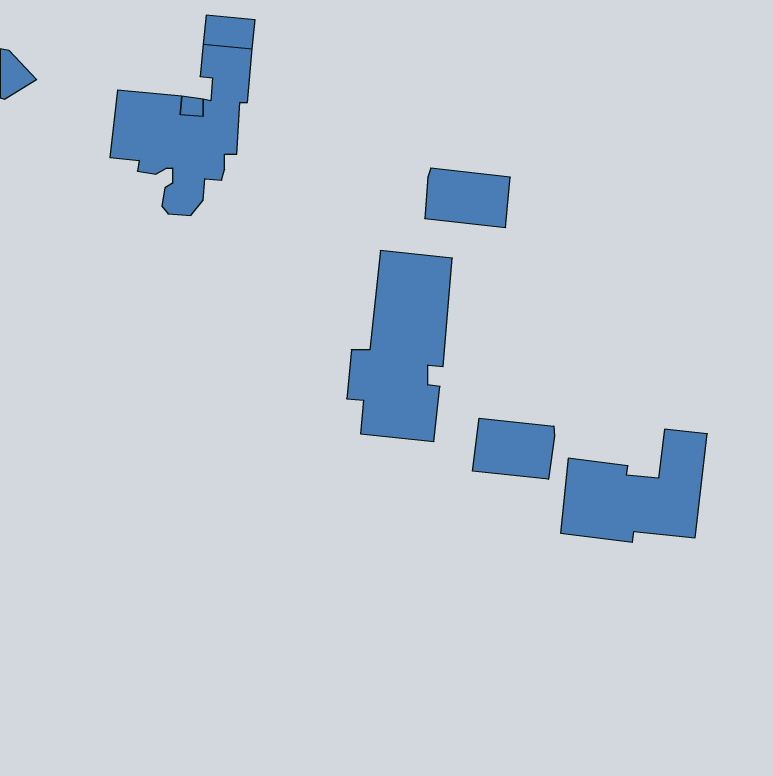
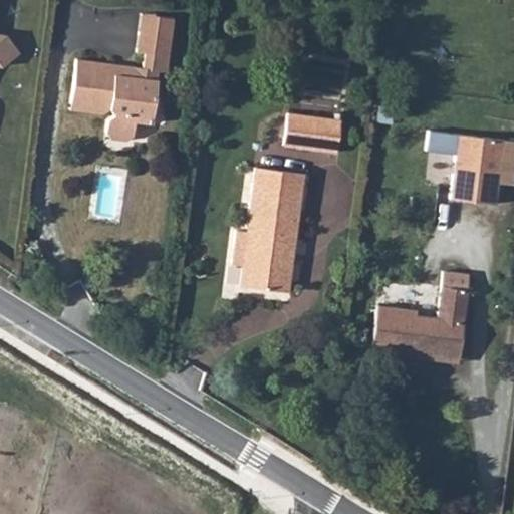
building: none -> [451,134,503,203]
building: [473,418,555,479] -> none

